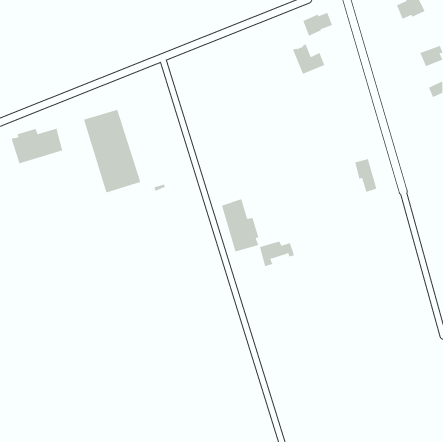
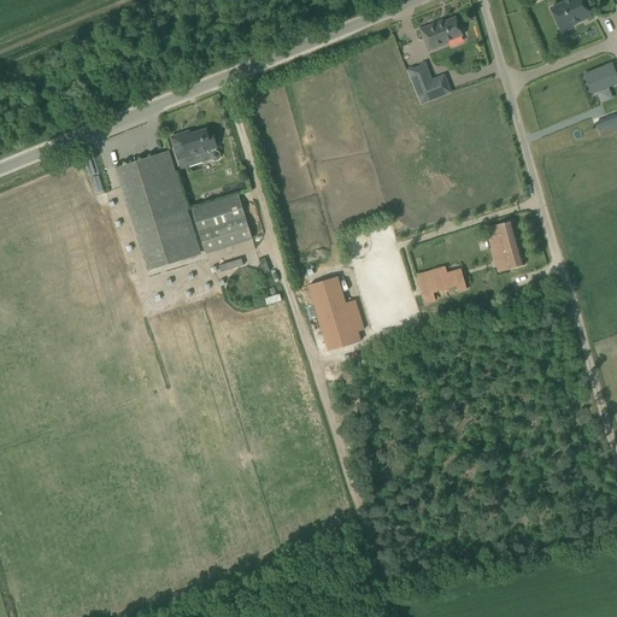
building: none -> [171,129,221,160]
building: [11,128,63,164] -> none
building: none -> [192,194,252,253]
building: [259,241,295,267] -> [417,266,466,302]

